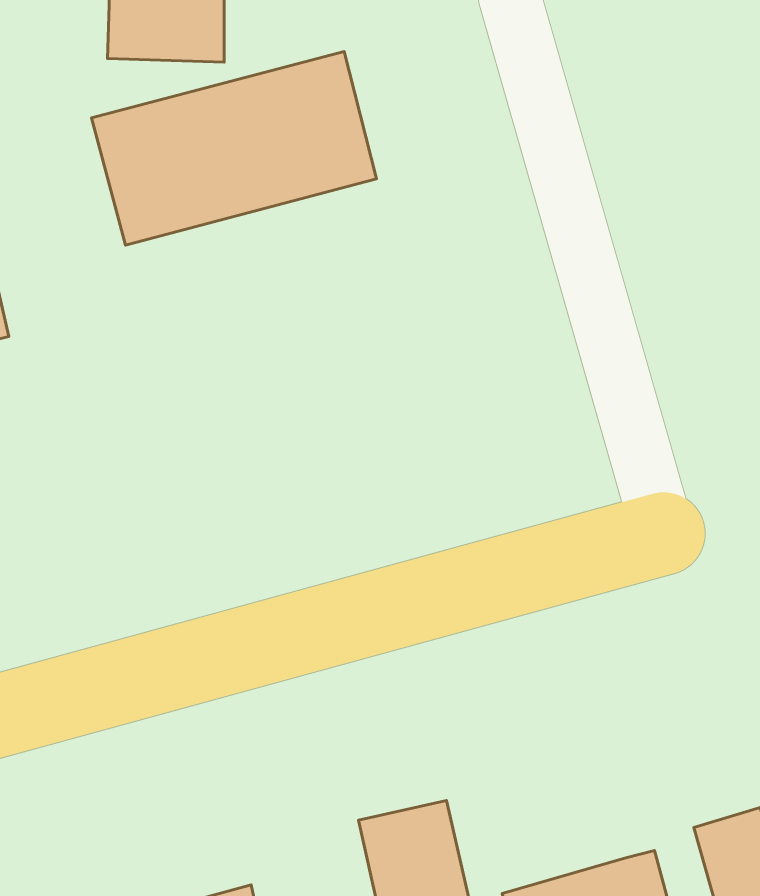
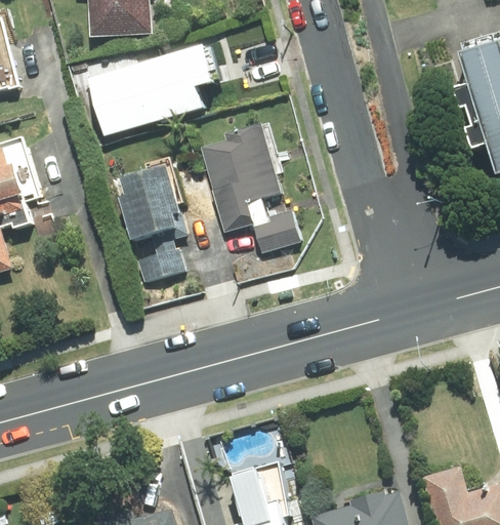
building: none -> [200,130,299,251]
building: none -> [121,169,186,281]

